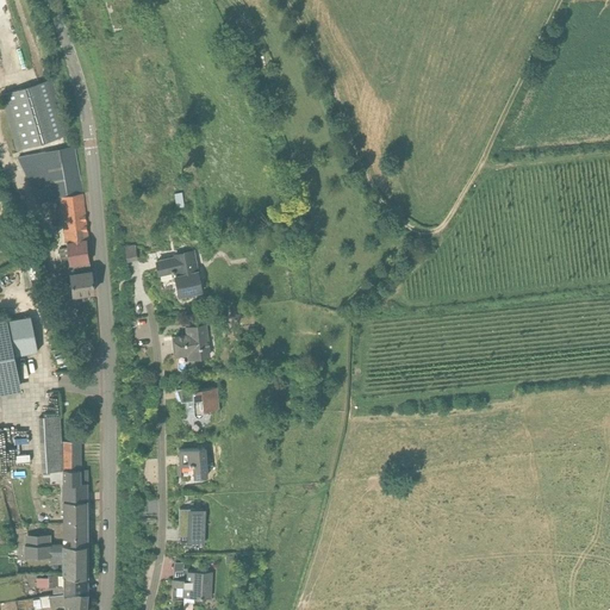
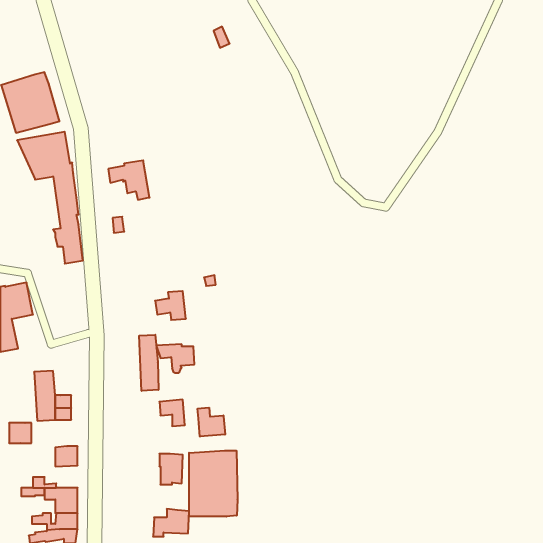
building: [155,250,201,294] -> [108,160,150,200]
building: none -> [139,335,158,391]
building: none -> [198,408,225,437]
building: [62,471,87,493] -> [9,423,31,443]
building: none -> [189,451,237,517]
building: [62,522,87,547] -> none

